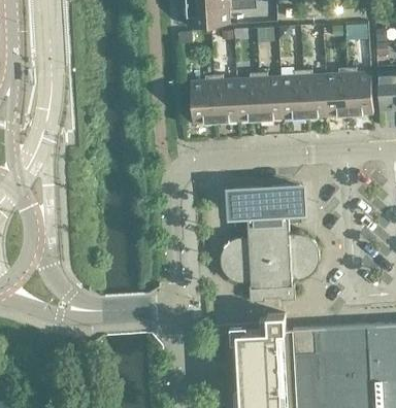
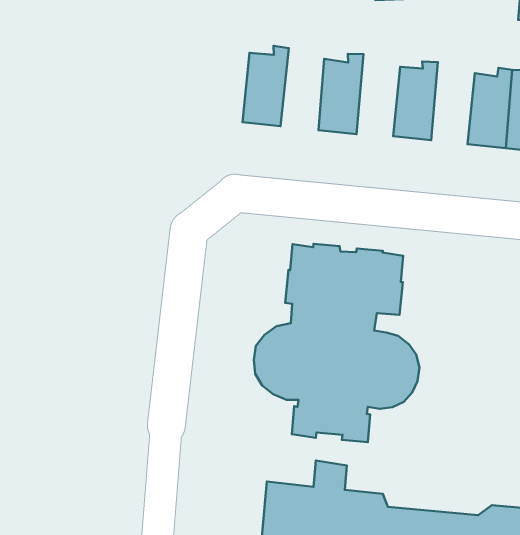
building: [301,70,326,116] -> none
building: [257,72,282,120] -> none
building: [212,74,237,122] -> none

